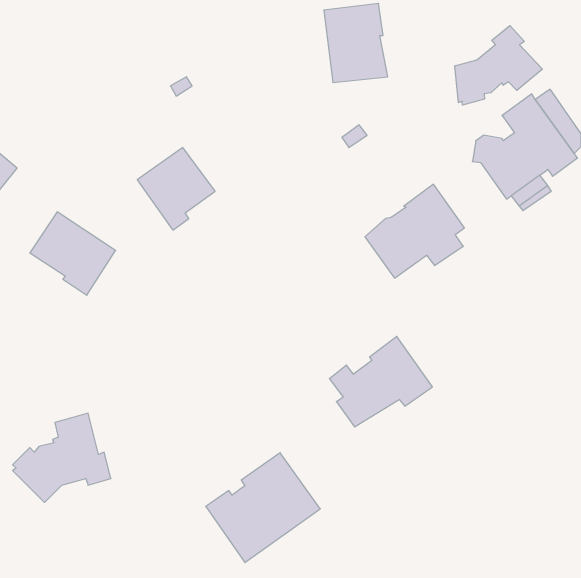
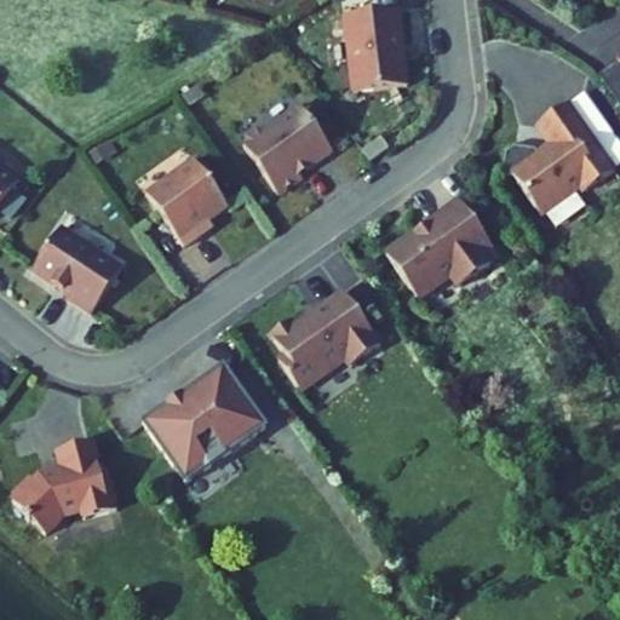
building: [455,26,542,105] -> none
building: none -> [242,101,332,190]
building: [329,336,432,427] -> [272,287,381,383]
building: [206,453,320,563] -> [145,363,266,480]

